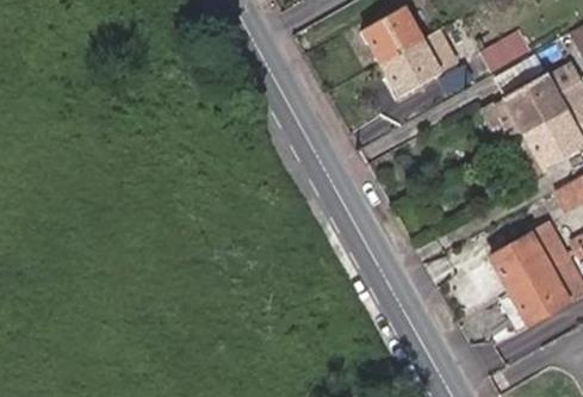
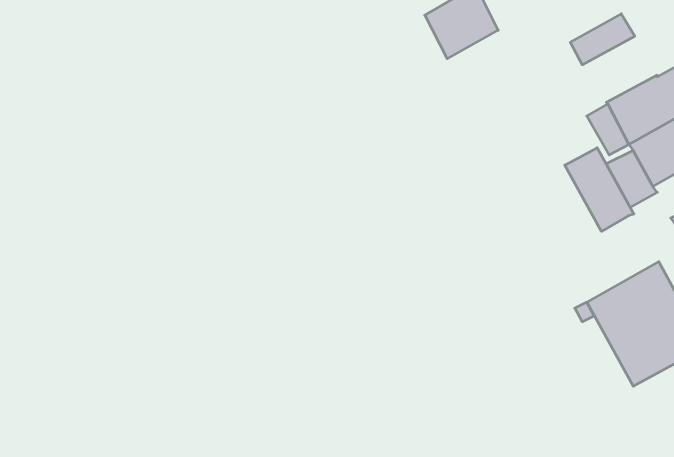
building: [382,31,457,95] -> none
building: none -> [565,148,634,231]

